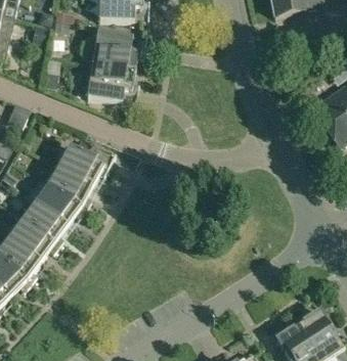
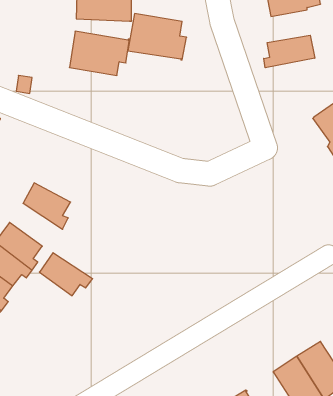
building: none -> [264,35,315,68]
building: [84,61,137,103] -> [128,14,187,60]
building: [58,142,114,183] -> none
building: [36,184,84,223] -> [39,253,93,296]

